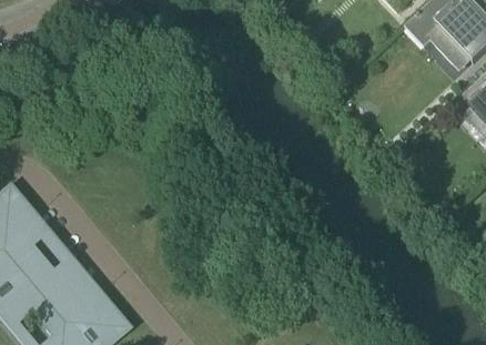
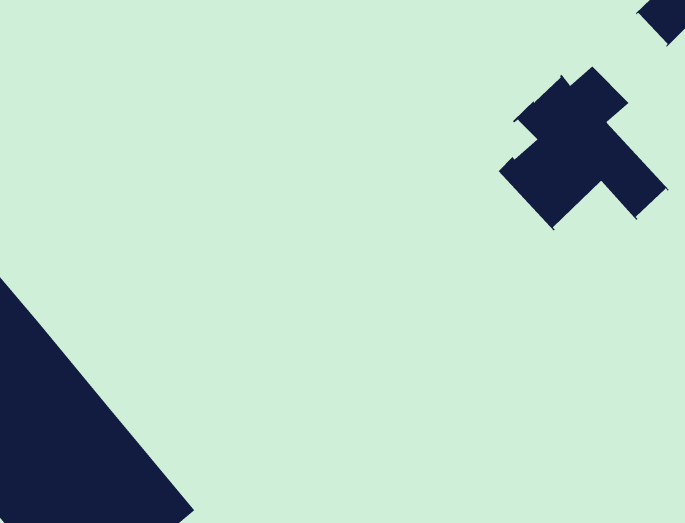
building: none -> [498,66,670,231]

